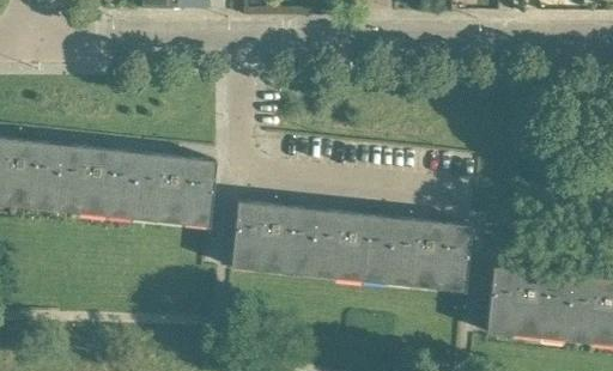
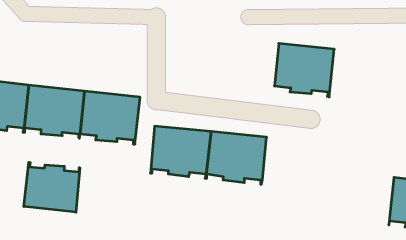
building: [389,218,473,293] -> [274,43,334,97]
building: none -> [24,162,80,212]
building: [487,266,573,340] -> none

